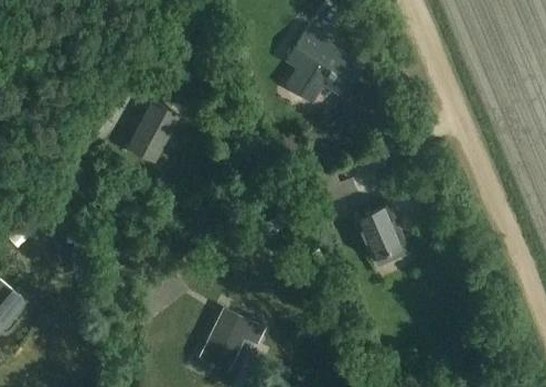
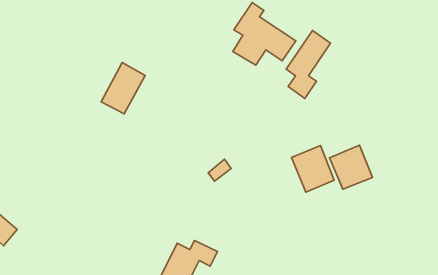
building: none -> [286,30,331,99]
building: none -> [330,145,373,189]

